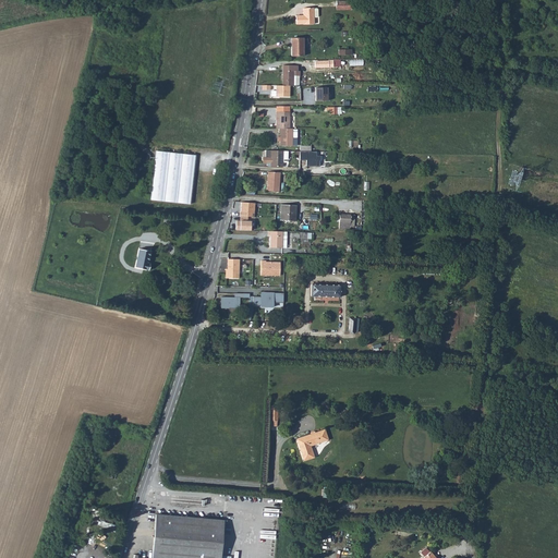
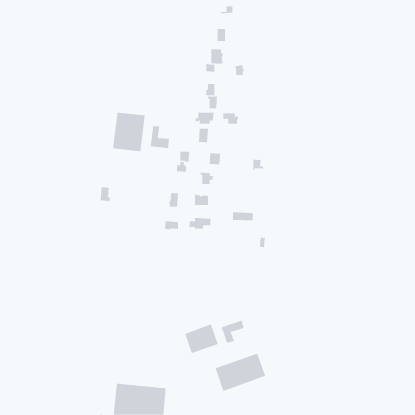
building: none -> [150,125,169,149]
building: none -> [184,324,219,354]
building: none -> [215,353,266,392]

